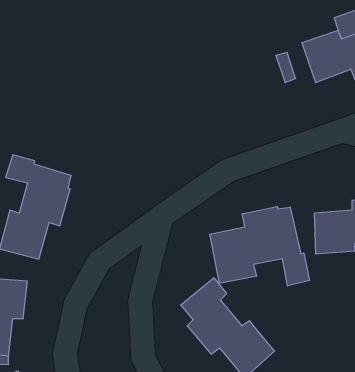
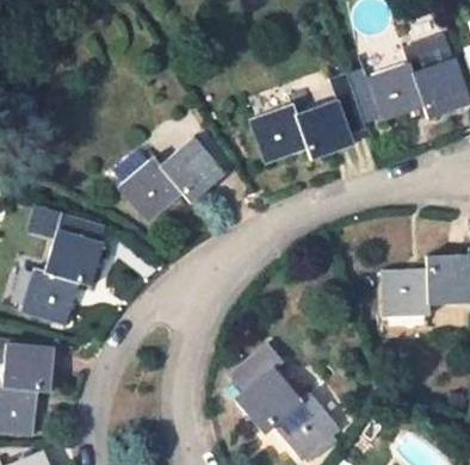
building: none -> [251,99,353,163]
building: none -> [117,137,223,222]
building: [210,206,309,286] -> none

